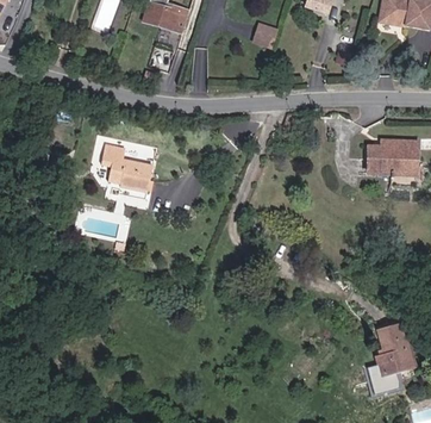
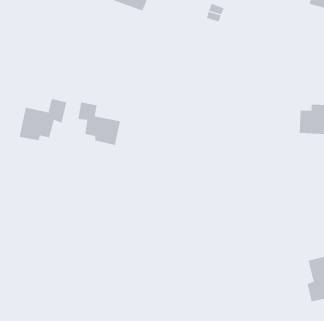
building: none -> [19,98,67,141]

